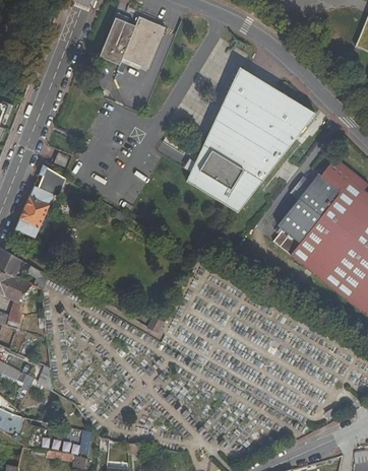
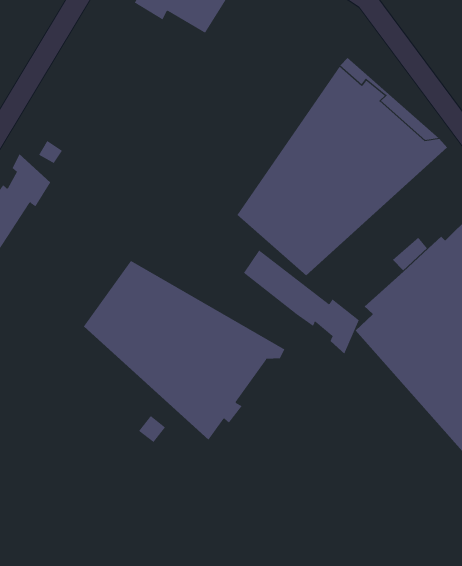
building: none -> [243,250,360,354]
building: none -> [83,260,285,441]

